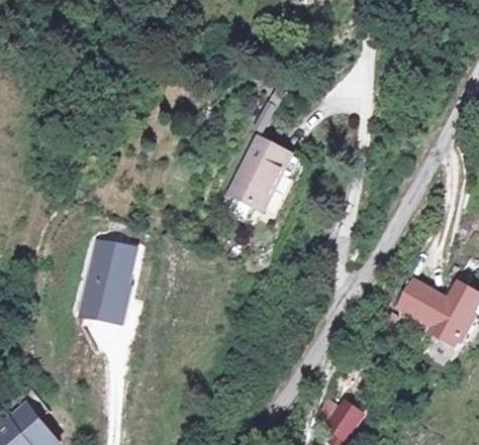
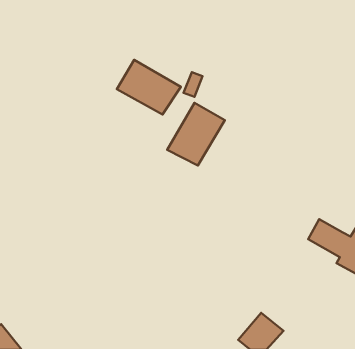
building: none -> [117,60,181,115]
building: [70,236,129,319] -> none

